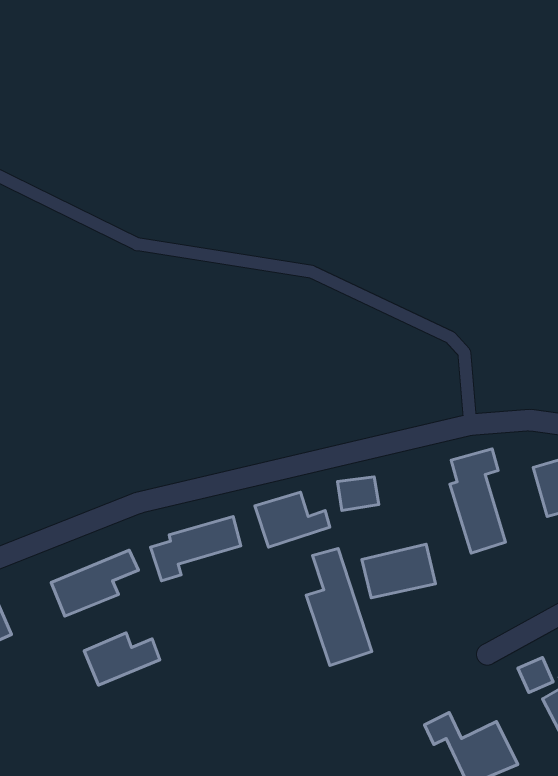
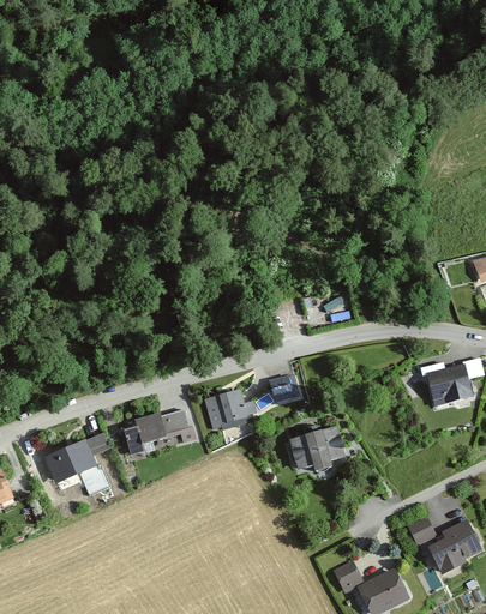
building: [450,449,505,553] -> none
building: [306,548,372,665] -> none
building: [84,633,160,685] -> none

